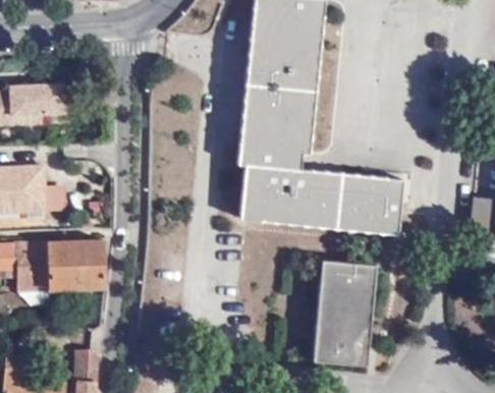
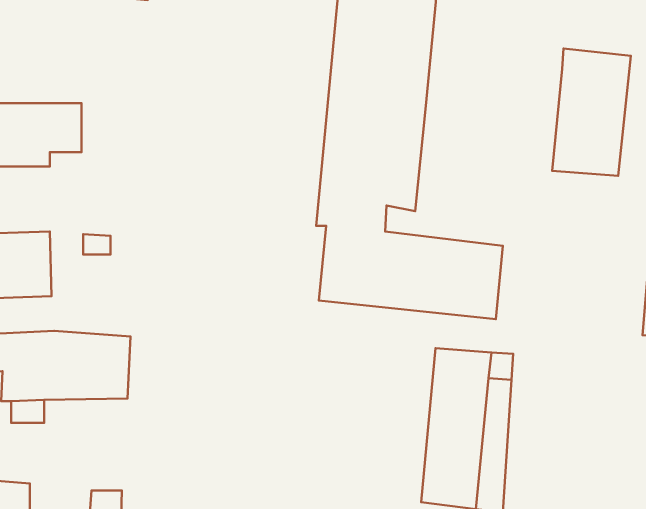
building: none -> [552,48,631,176]
building: [365,179,399,234] -> none

